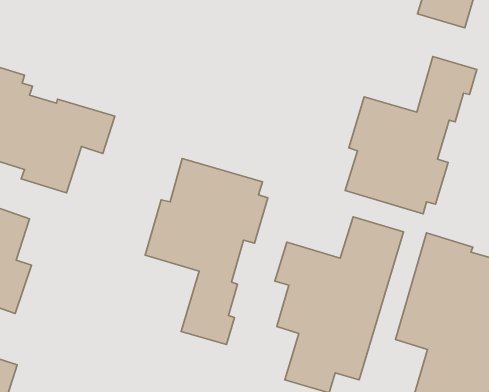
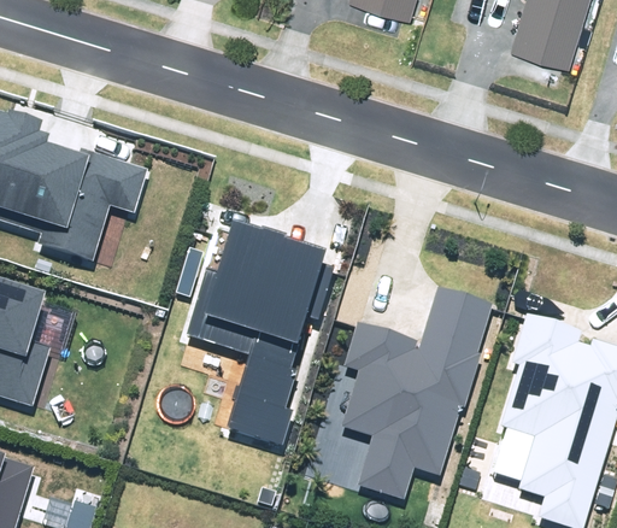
building: [345,56,477,214] -> none

